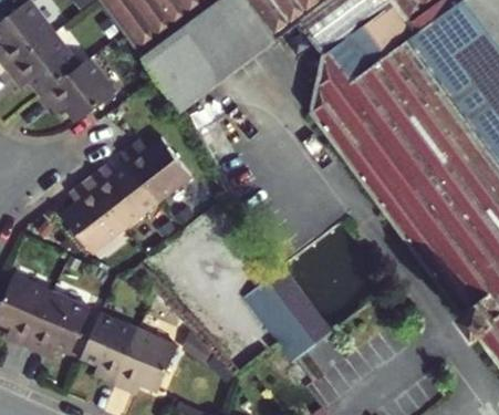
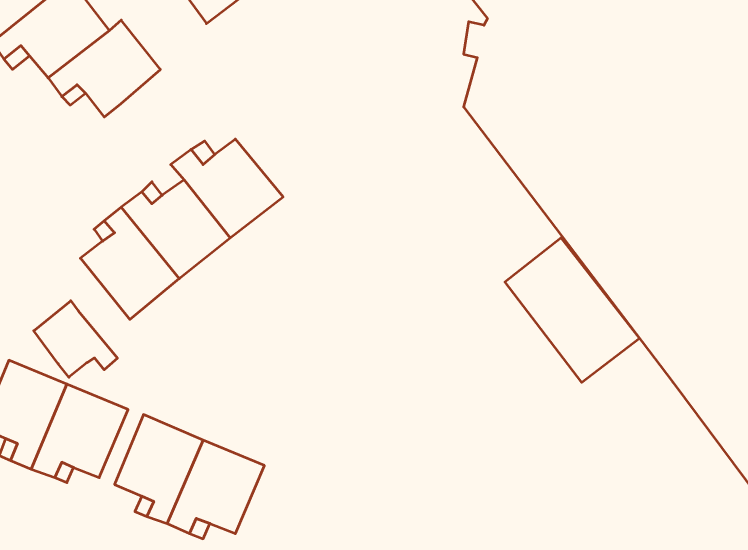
building: none -> [34,301,117,377]
building: [248,267,335,361] -> [505,238,639,382]

